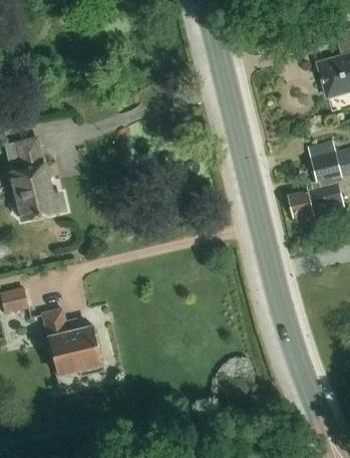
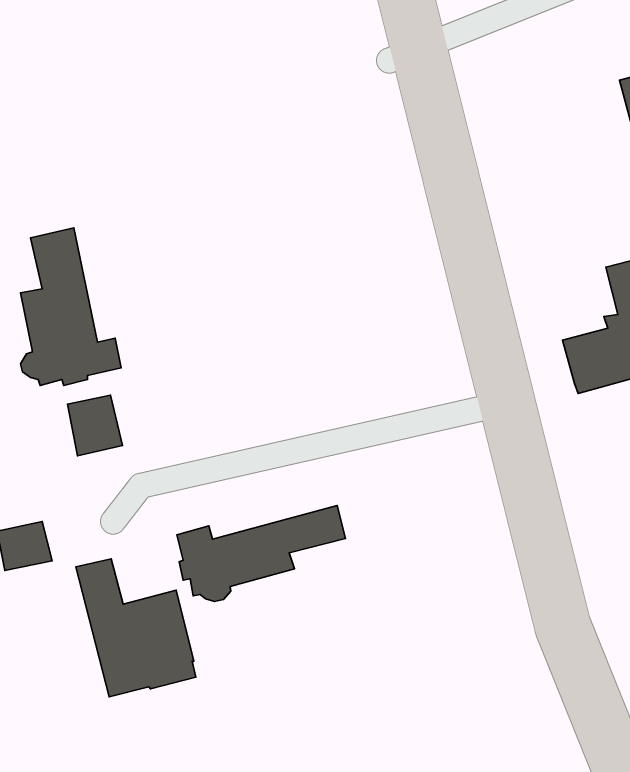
building: none -> [67,395,122,456]
building: none -> [177,505,346,602]

